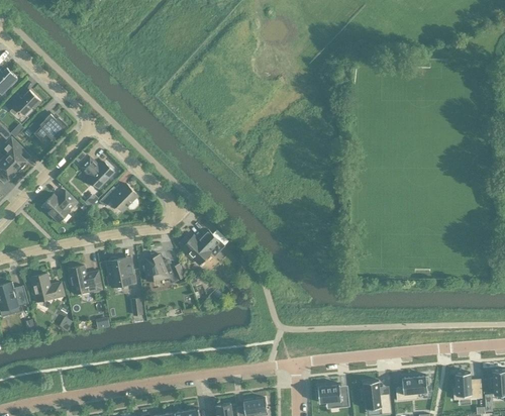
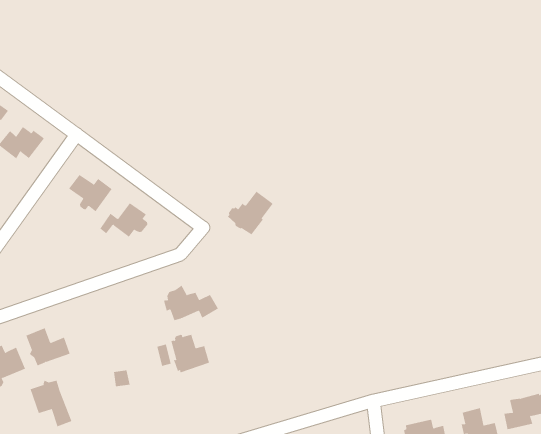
building: [41,191,77,222] -> none
building: [183,230,220,265] -> [227,191,274,235]
building: [107,257,135,288] -> [171,334,210,373]
building: [69,266,102,294] -> none
building: none -> [30,380,72,427]

